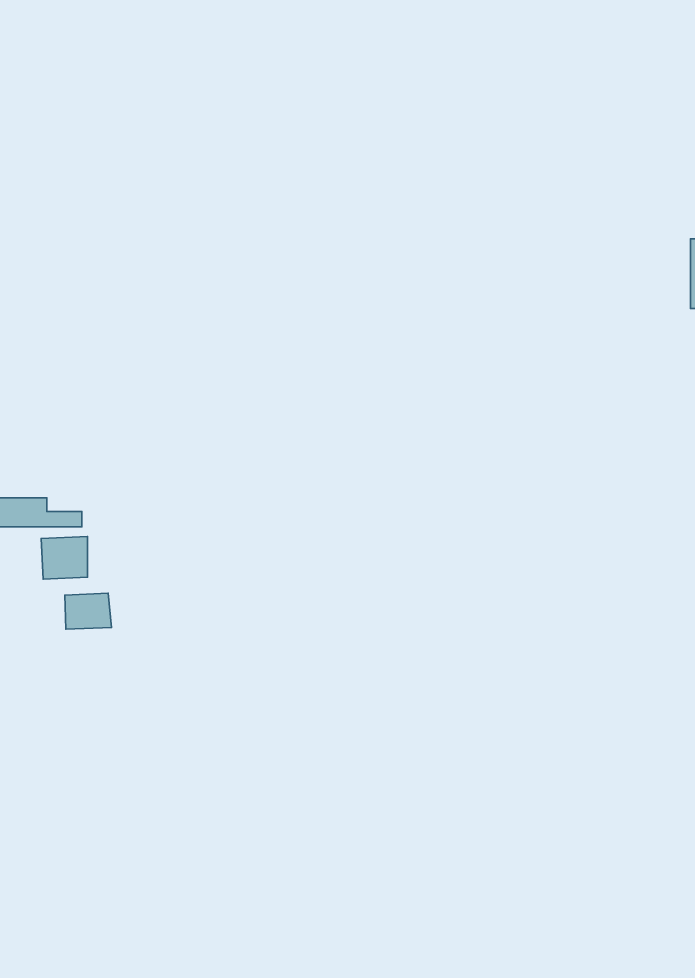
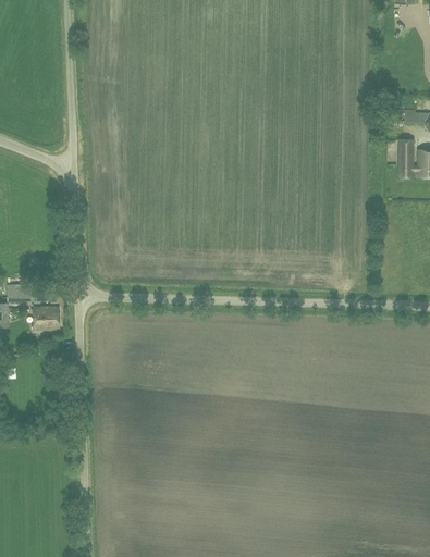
building: [65,593,111,629] -> none

